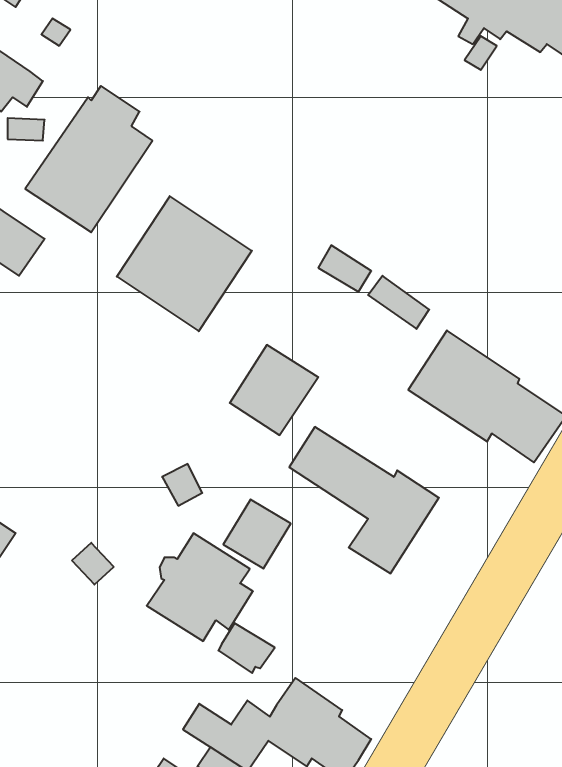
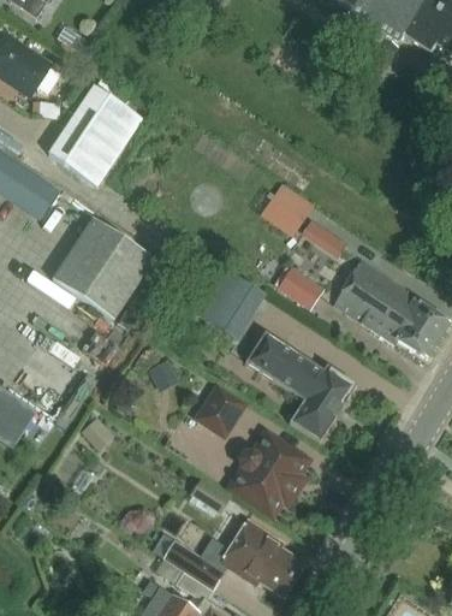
building: [117,196,252,331] -> [53,218,154,319]
building: none -> [276,266,326,312]
building: [147,533,253,641] -> [231,434,310,515]

